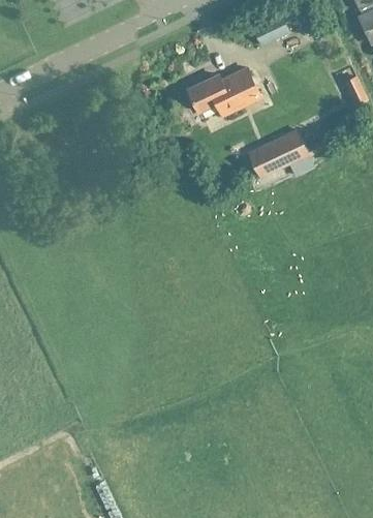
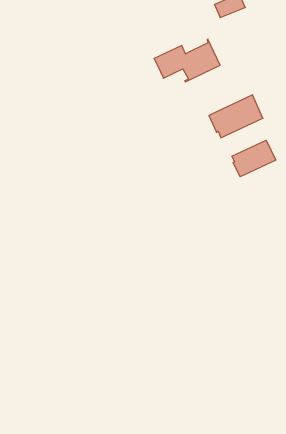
building: none -> [232,140,276,177]

